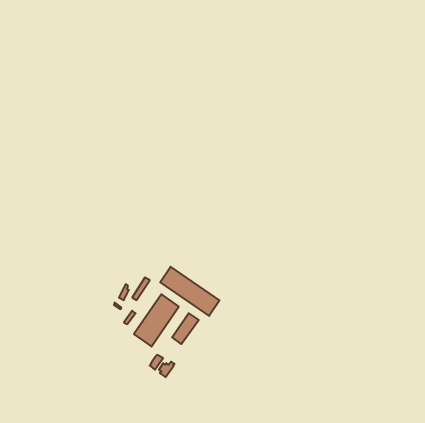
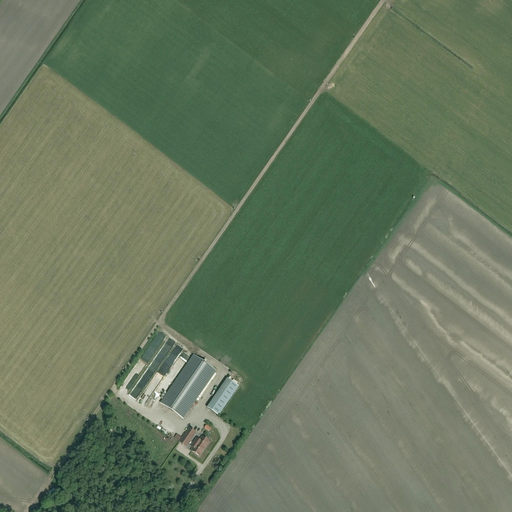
building: [160,267,219,316] -> none

